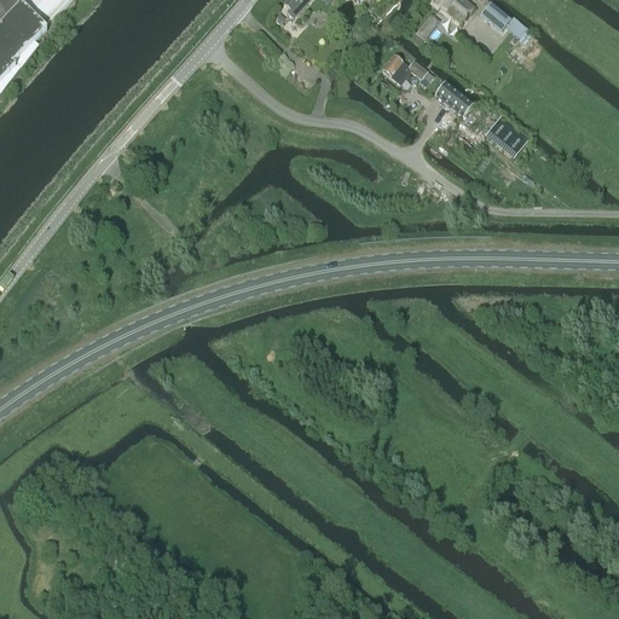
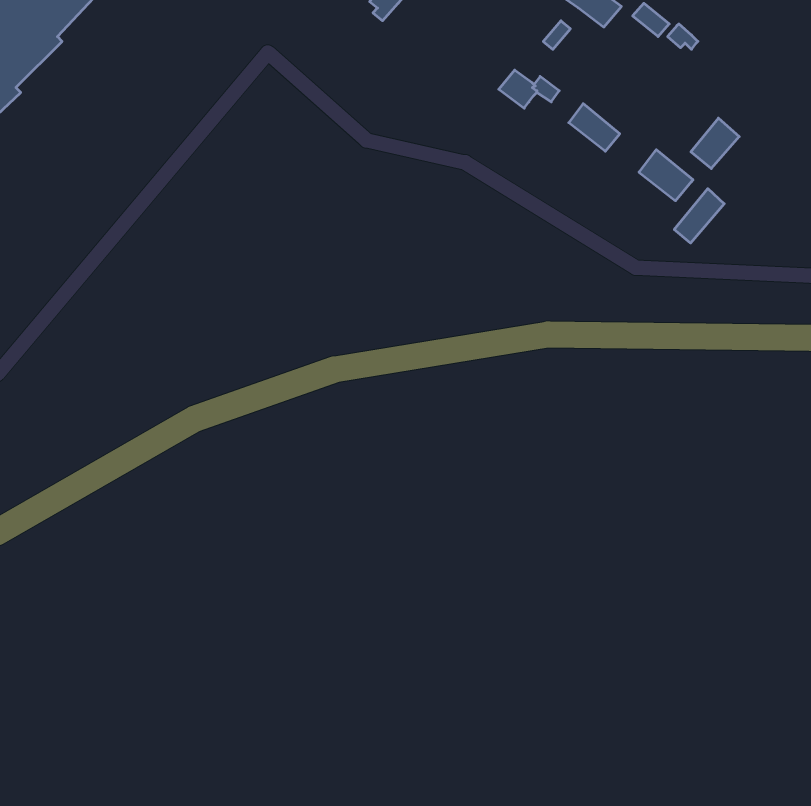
building: none -> [691,118,739,169]
building: none -> [674,189,724,243]

